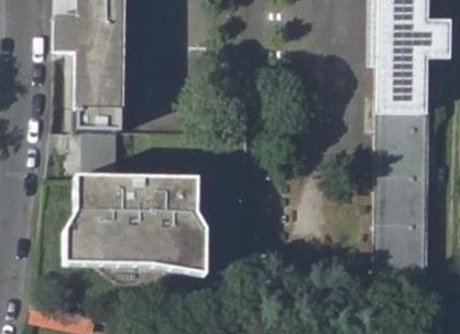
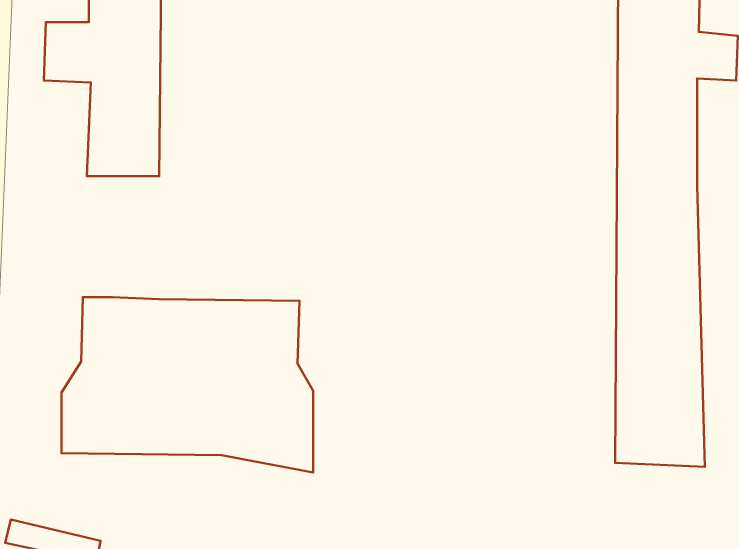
building: [75,109,118,179] -> none

